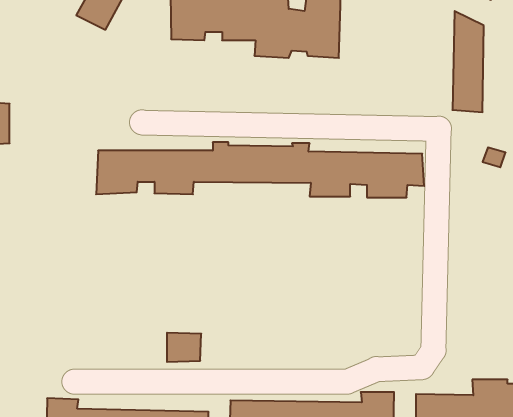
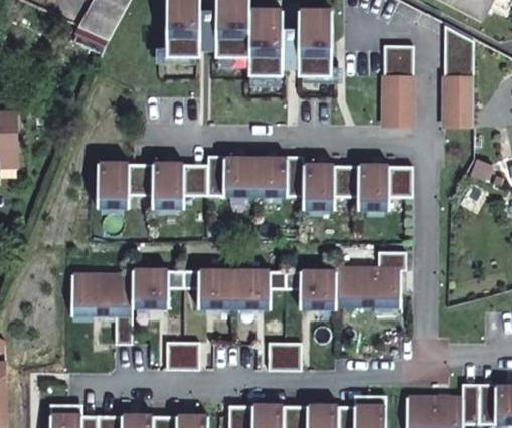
building: none -> [384,45,412,125]
building: none -> [70,251,405,341]
building: none -> [267,341,299,368]

